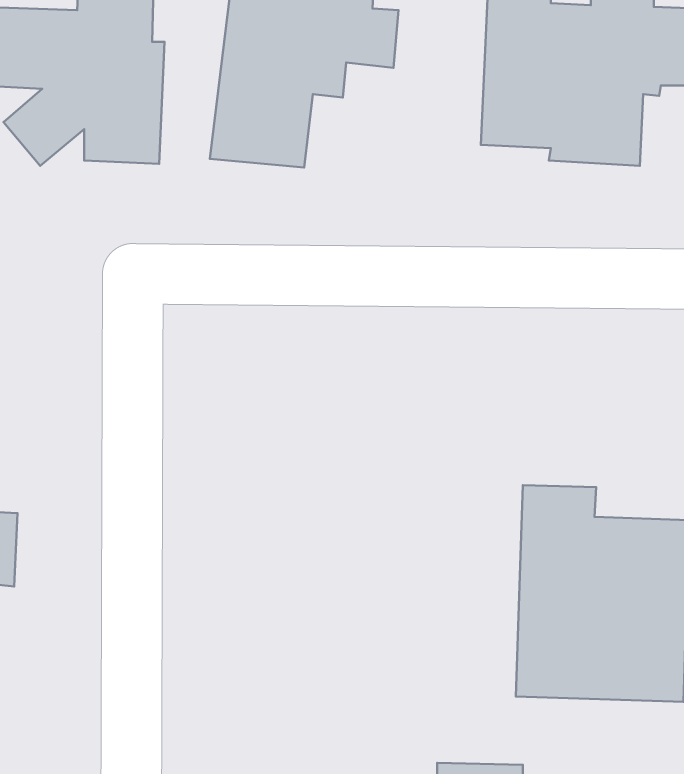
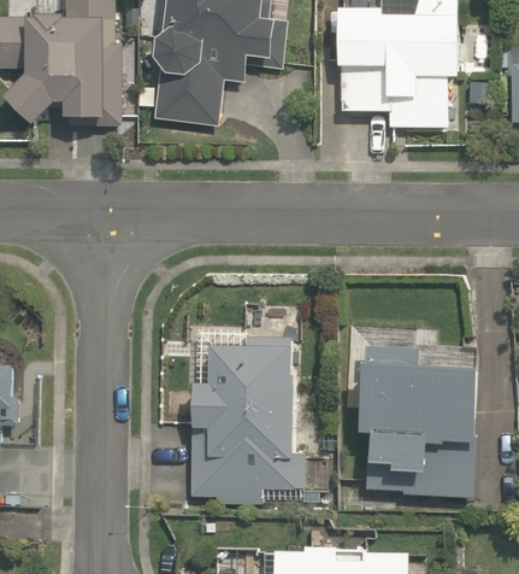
building: none -> [187,338,299,499]

